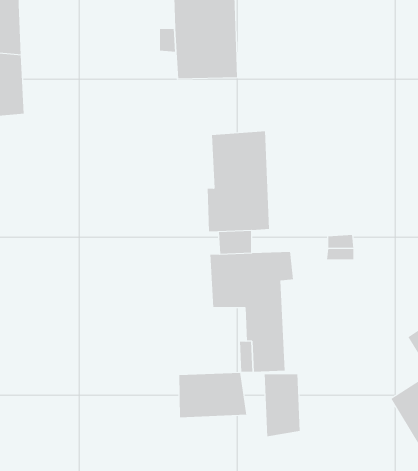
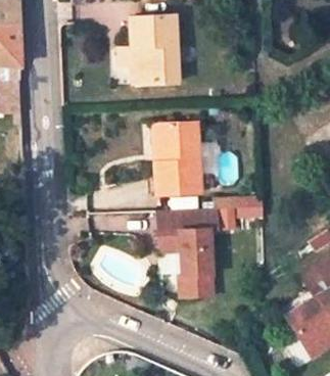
building: [179,372,247,418] -> none
building: [264,373,300,437] -> none

